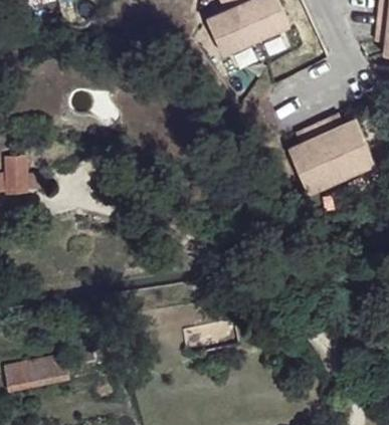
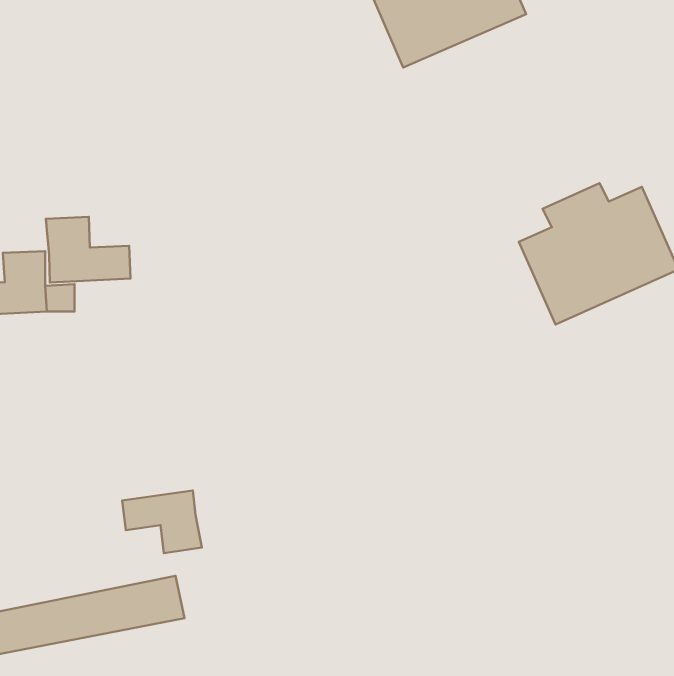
building: none -> [46,217,130,282]
building: none -> [122,491,202,553]

